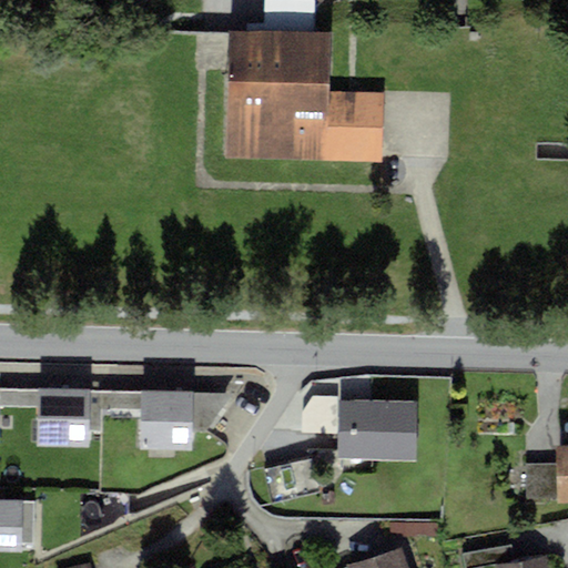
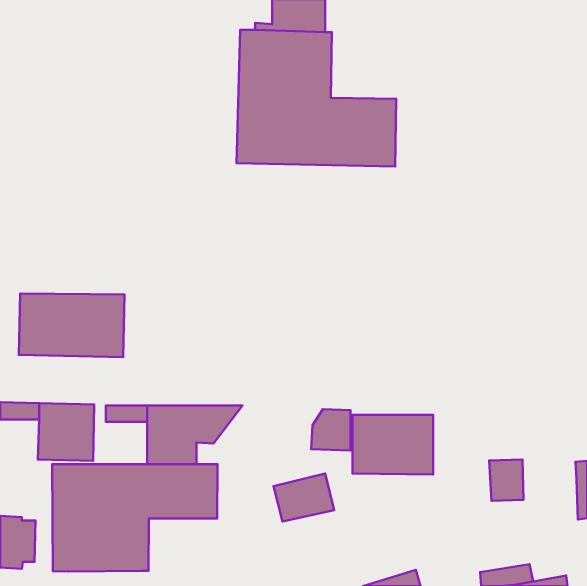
building: none -> [19,294,124,357]
building: none -> [52,464,218,571]
building: [525,463,558,503] -> [489,460,524,501]

